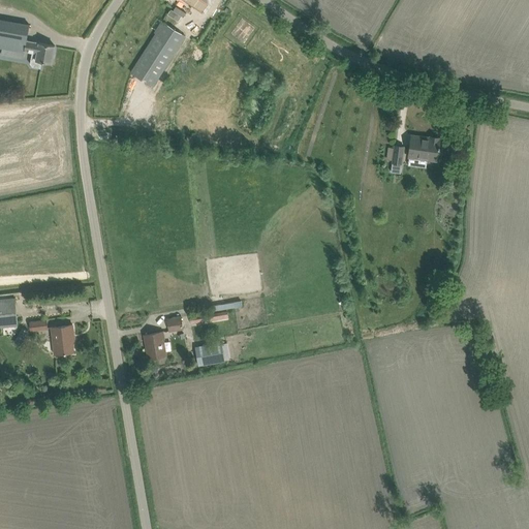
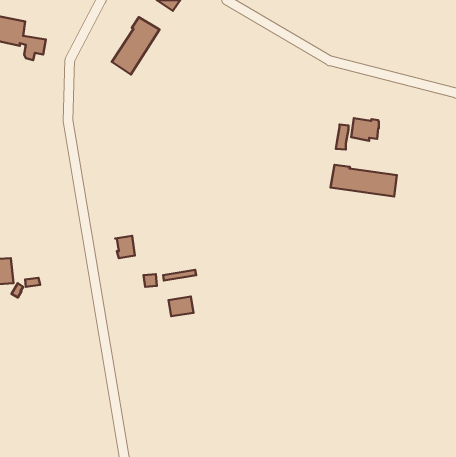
building: none -> [330,165,397,197]
building: [53,325,72,355] -> none
building: [143,333,165,359] -> [115,236,135,258]

